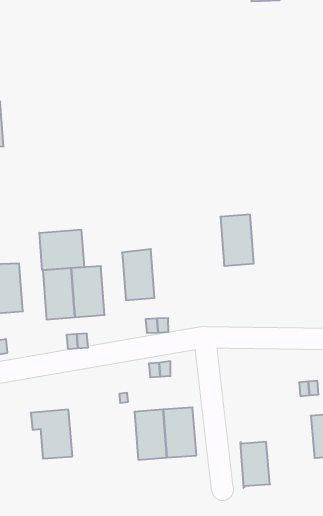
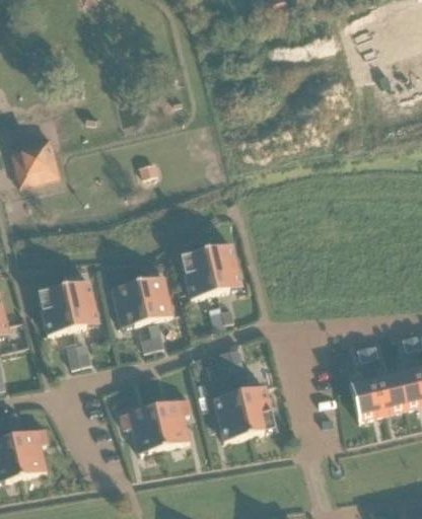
building: [220,215,254,266] -> [206,242,242,292]
building: [39,230,84,270] -> none
building: none -> [154,396,192,446]
building: [240,442,270,488] -> [350,376,382,421]

